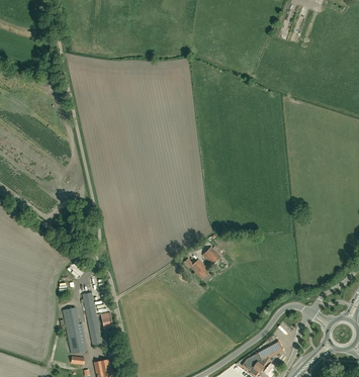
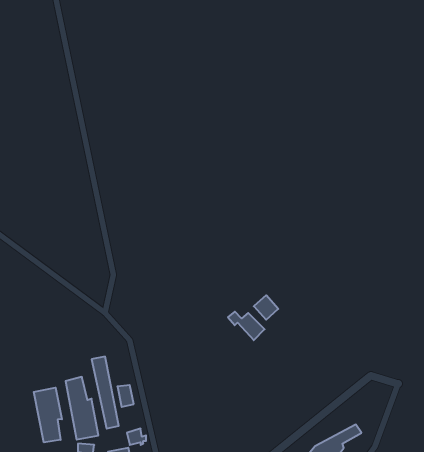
building: none -> [34,388,62,442]

